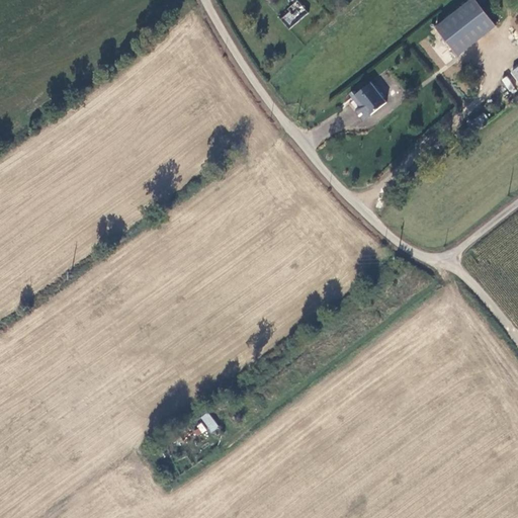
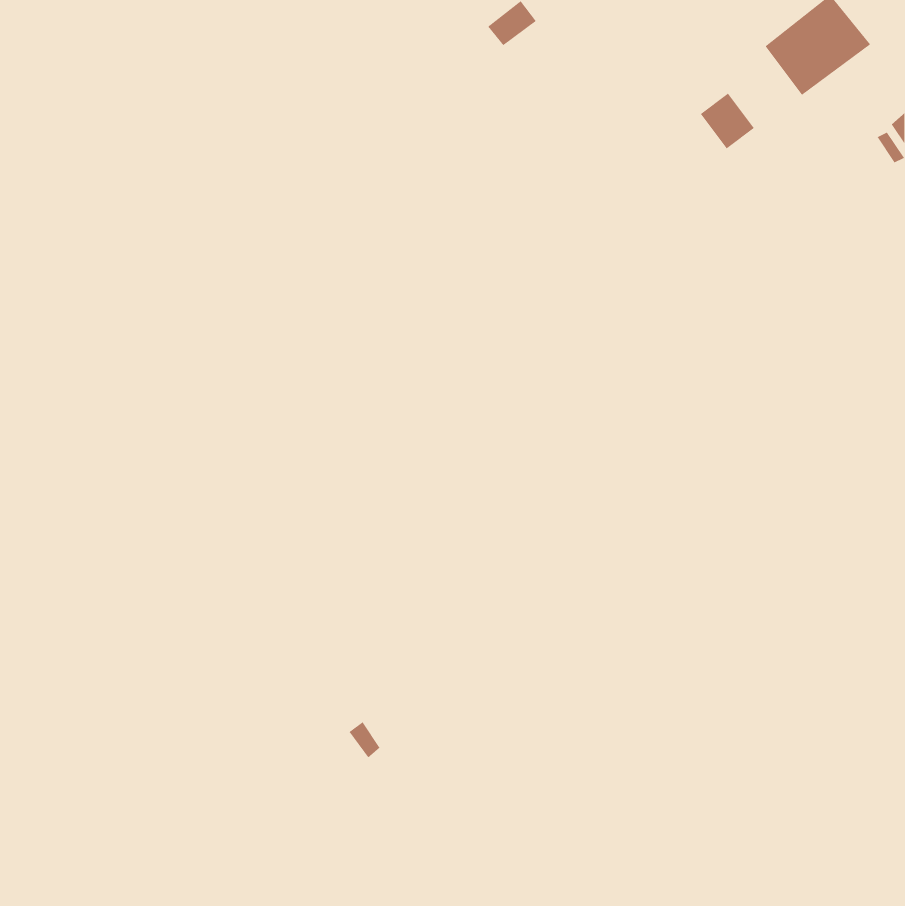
building: [354,82,385,114] -> [700,93,755,149]

